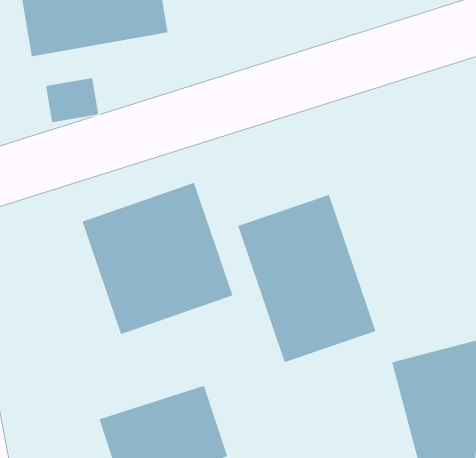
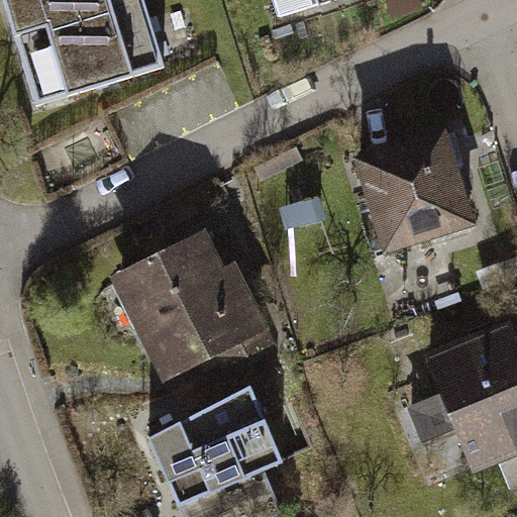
building: none -> [358,130,477,250]
building: [237,194,376,363] -> none

